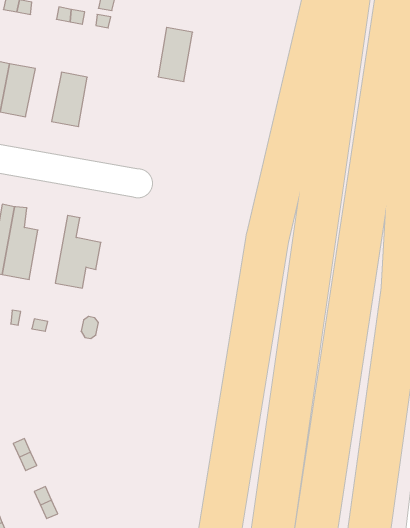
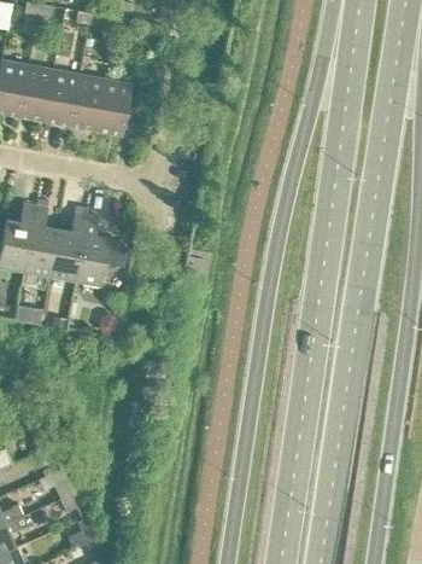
building: [158,27,193,82] -> [96,79,130,132]
building: none -> [45,70,80,122]
building: none -> [48,213,86,280]

